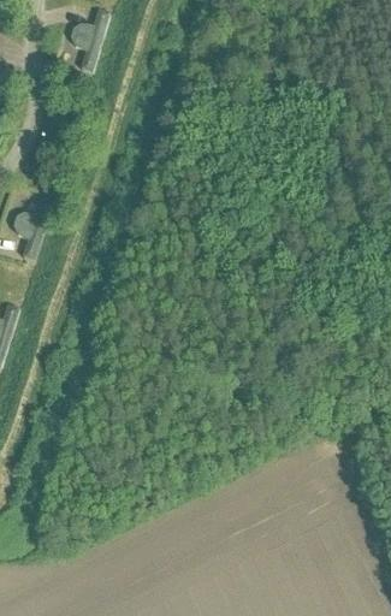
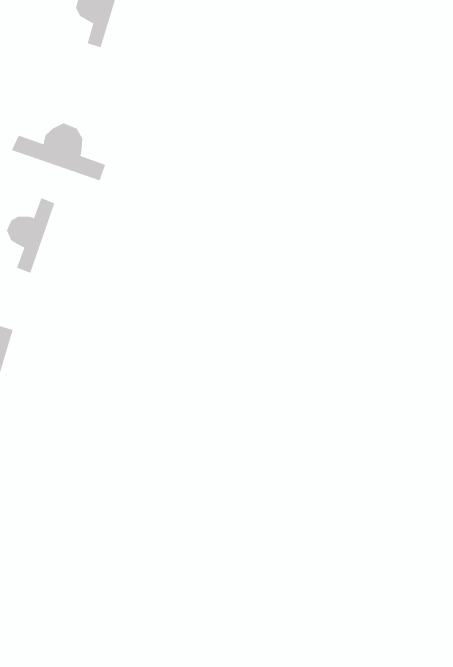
building: none -> [11,123,106,181]

